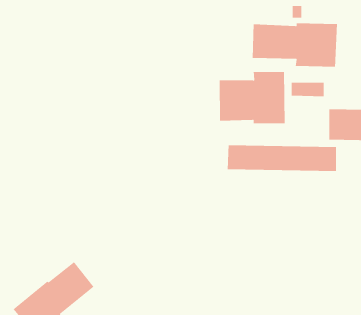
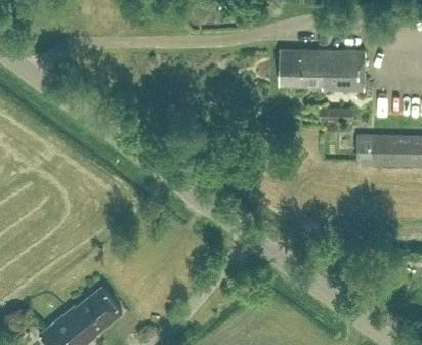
building: [219,71,286,124] -> none
building: [227,145,337,172] -> none

